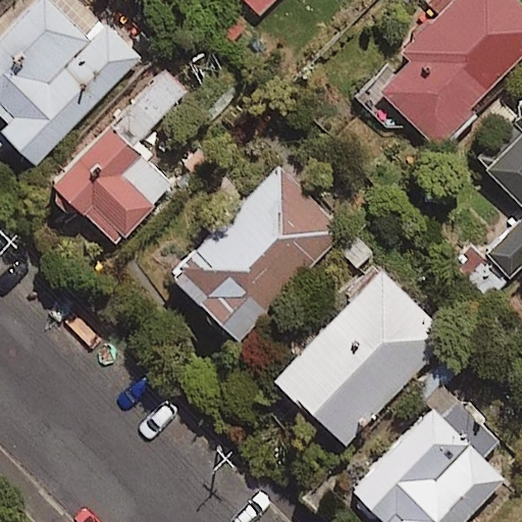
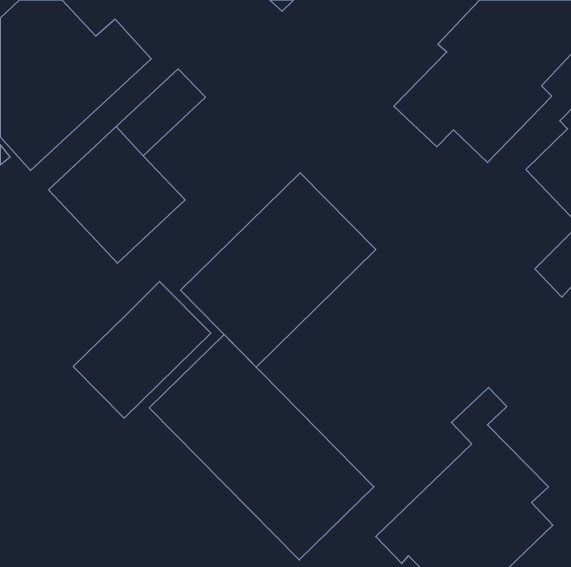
building: none -> [73,281,211,418]
building: [272,269,448,443] -> none
building: none -> [149,334,374,560]

